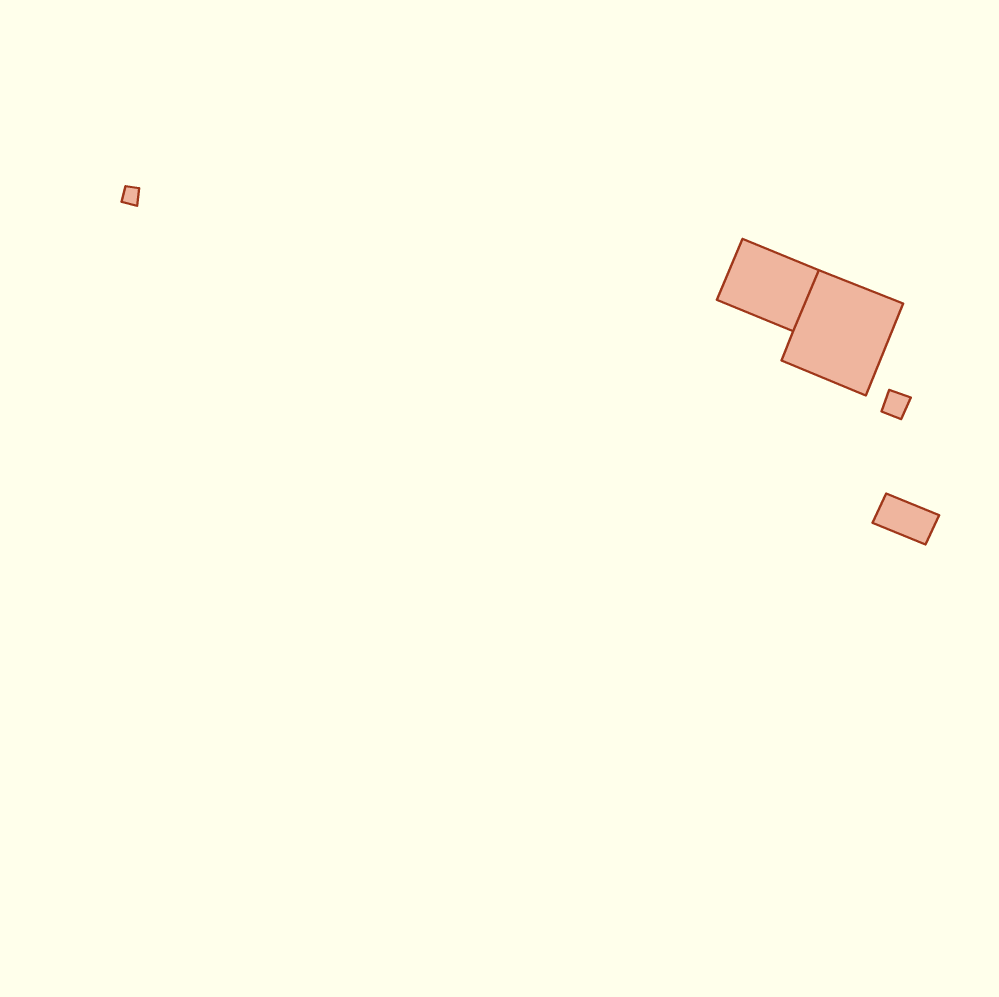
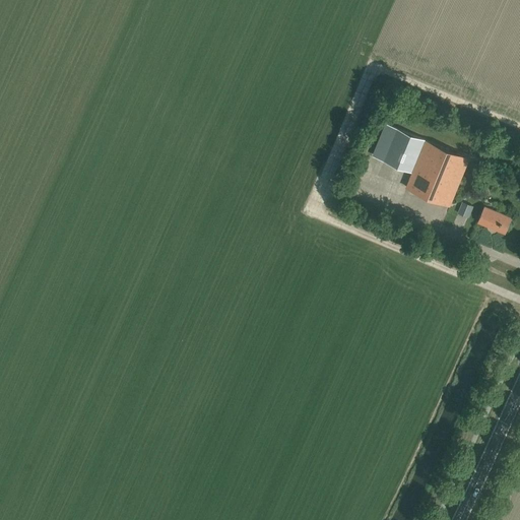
building: [872,494,939,545] -> [476,208,511,235]

